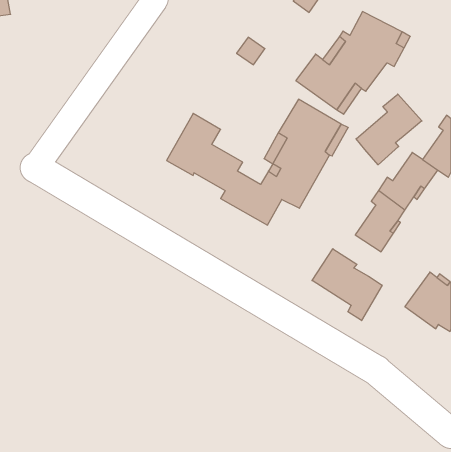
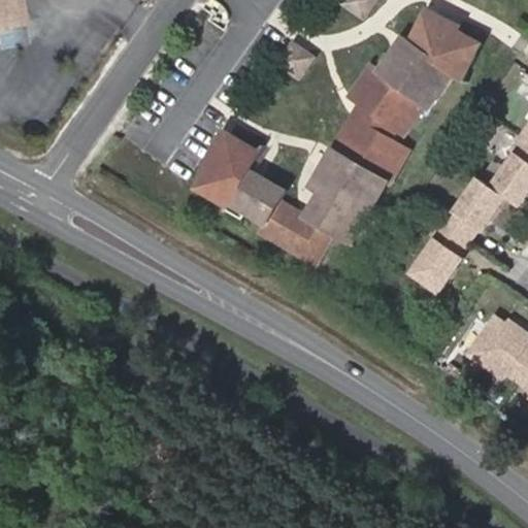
building: [356,94,422,165] -> none
building: [312,249,382,321] -> none

